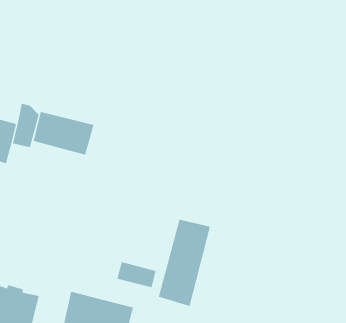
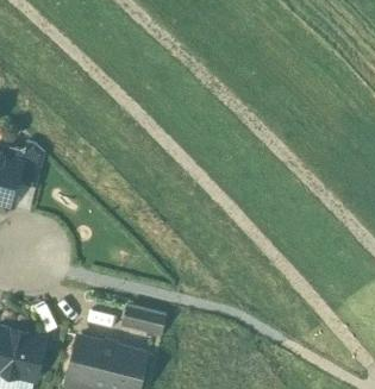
building: [33,111,94,155] -> none
building: [158,219,211,307] -> none

